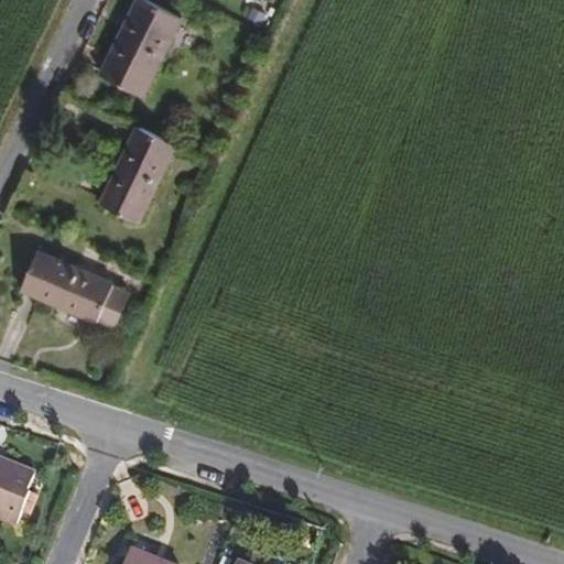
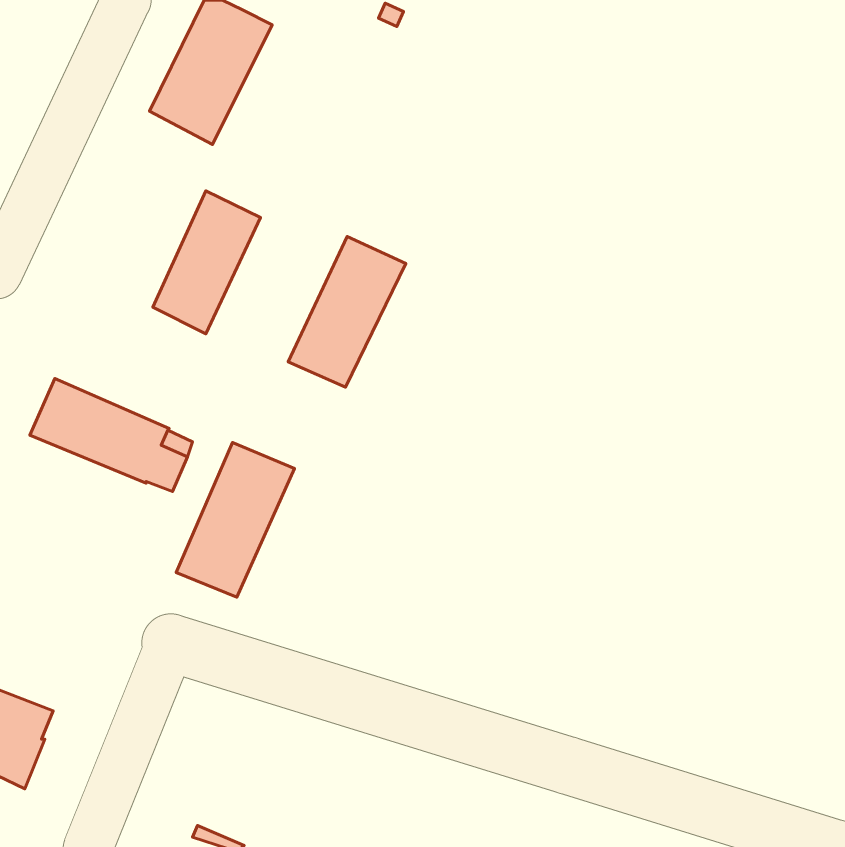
building: none -> [288,237,406,387]
building: none -> [176,442,294,597]

